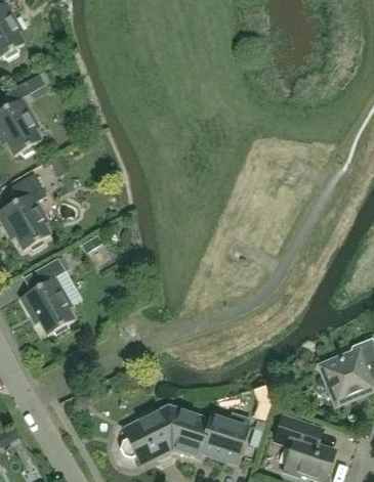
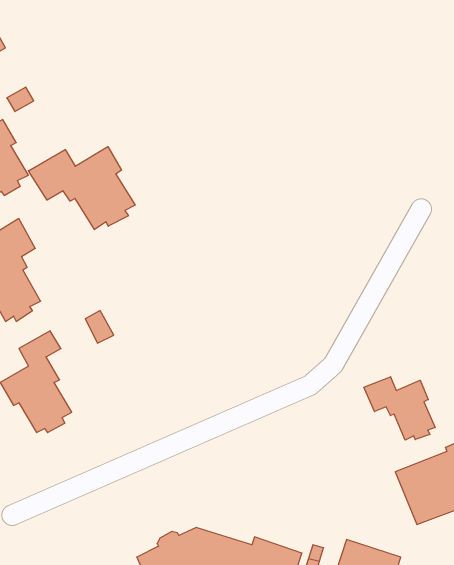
building: none -> [28,147,135,230]
building: none -> [364,377,435,440]

